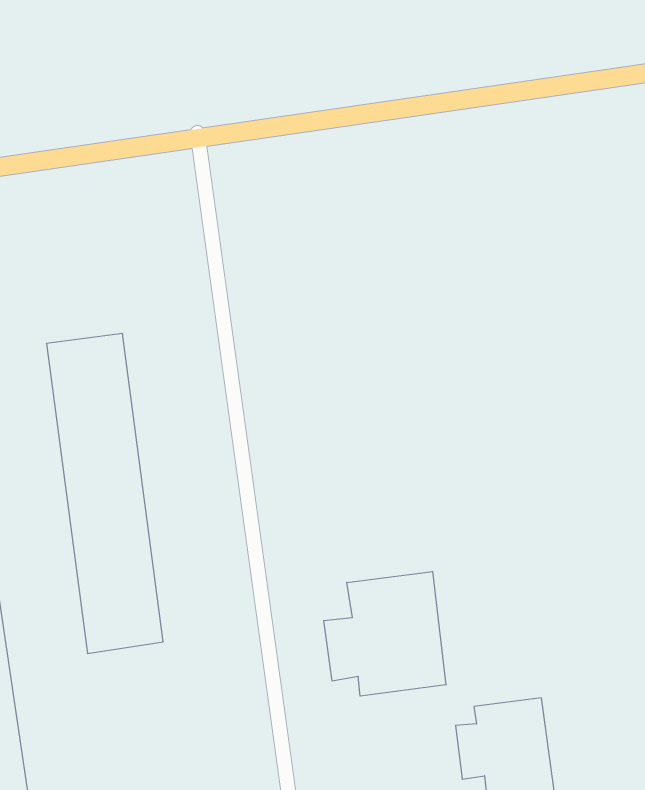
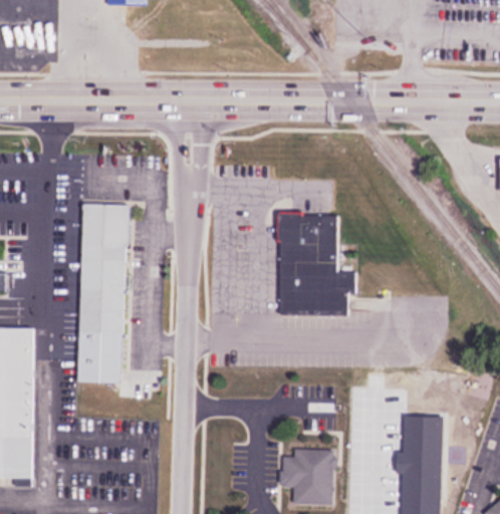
building: none -> [279,212,355,315]
building: [324,571,446,696] -> none

